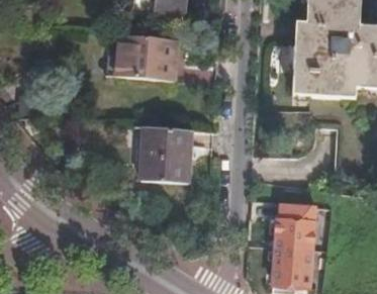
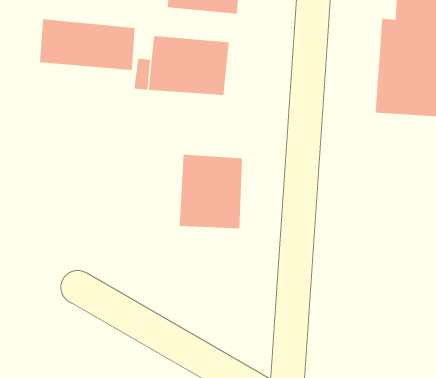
building: none -> [40,18,135,71]
building: [272,201,315,286] -> none

